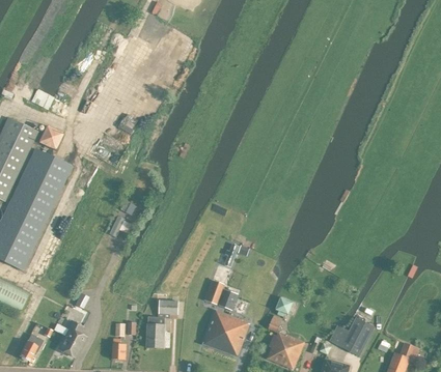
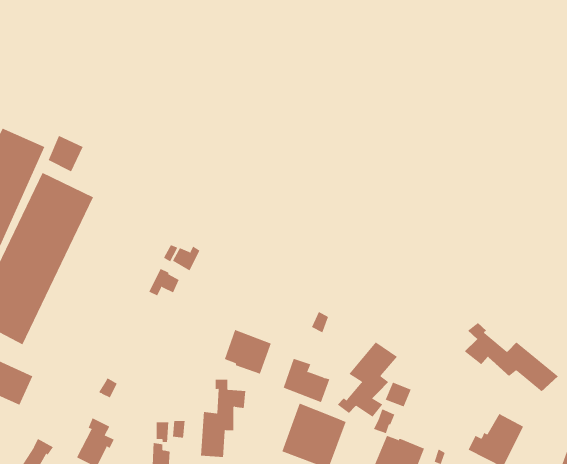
building: none -> [464,322,559,392]
building: none -> [224,329,272,374]
building: none -> [337,342,398,418]

